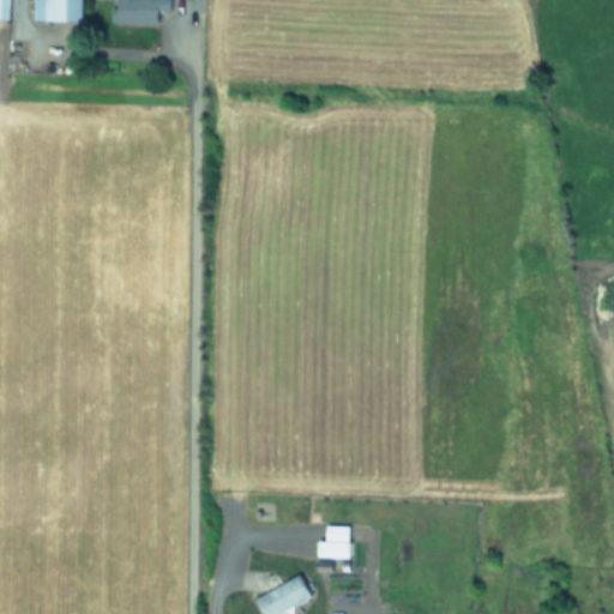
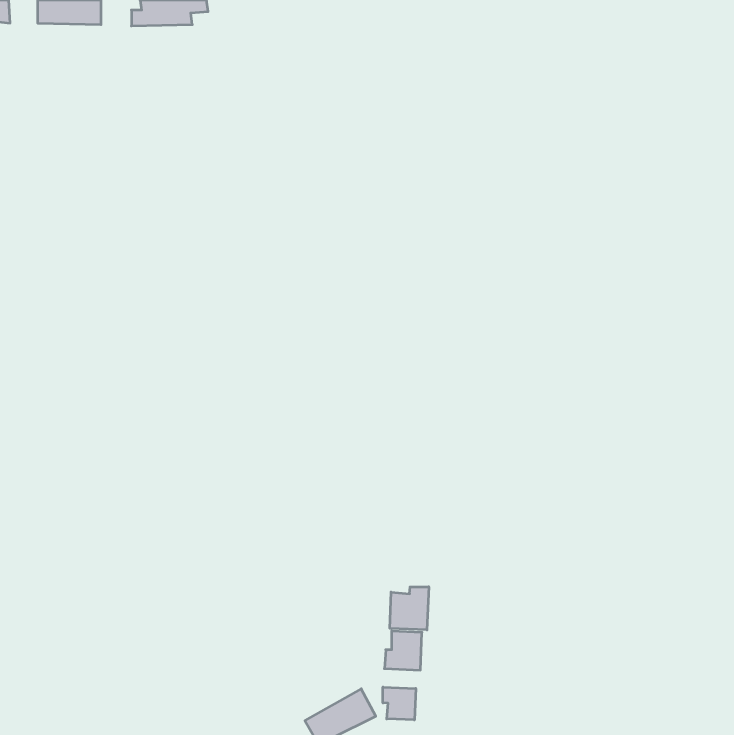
building: none -> [390,587,429,630]
building: none -> [383,687,416,720]

